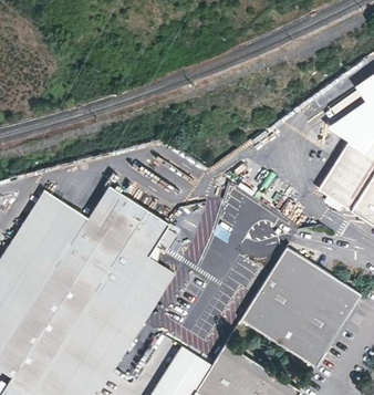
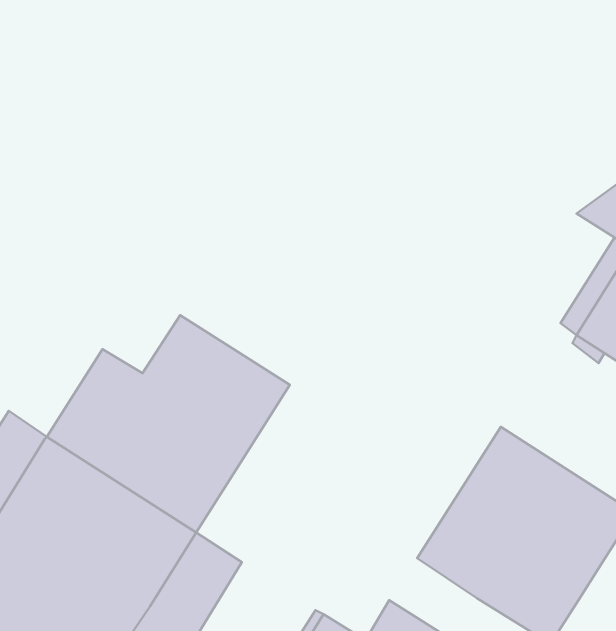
building: [13,190,65,252] -> none
building: [117,257,175,322] -> none

